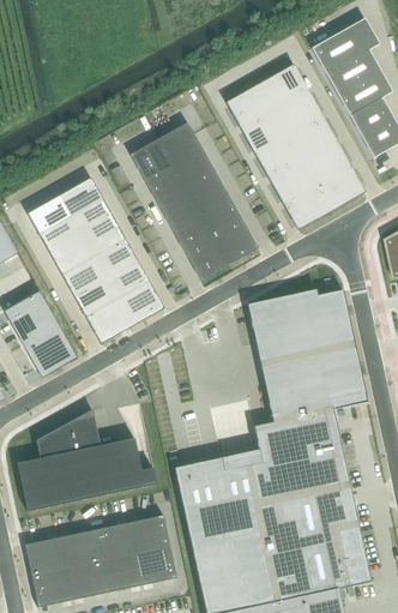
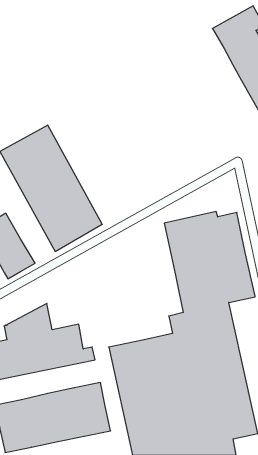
building: [227,65,364,229] -> none
building: [129,122,258,281] -> none

